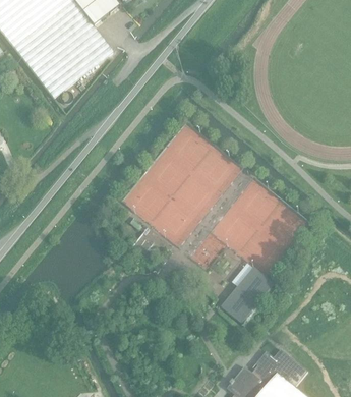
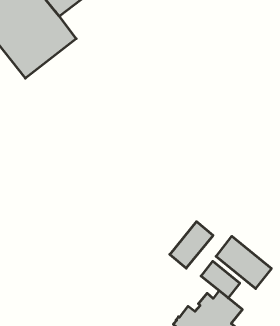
building: none -> [216,236,271,289]
building: none -> [201,261,240,298]

